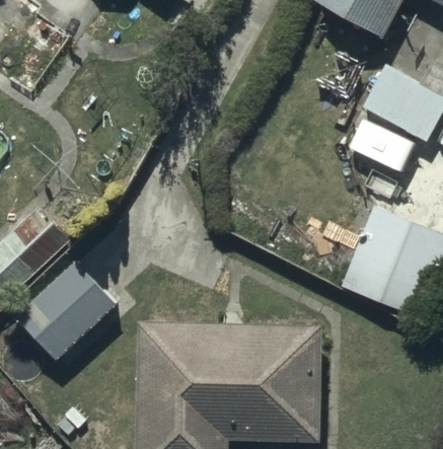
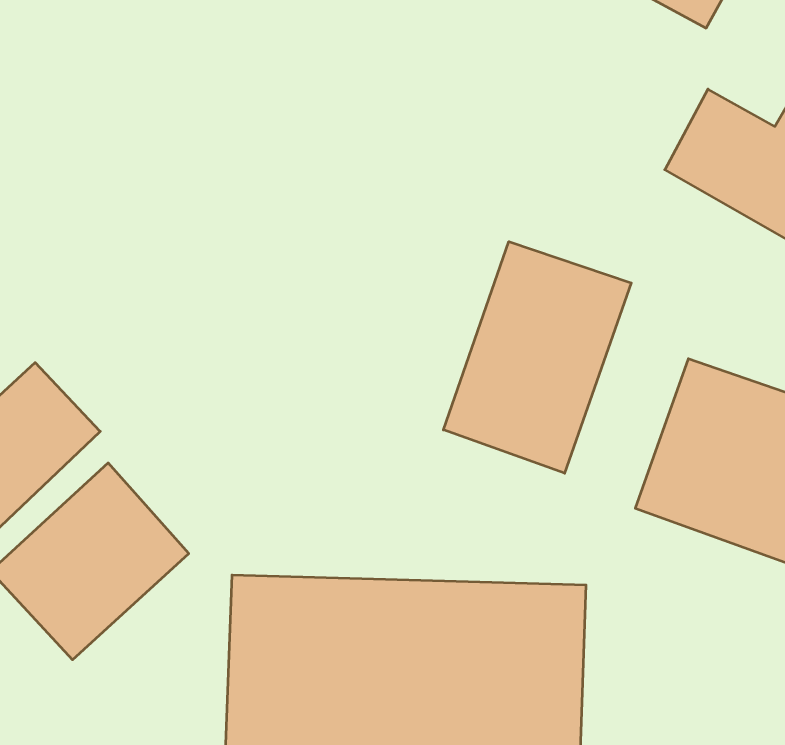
building: none -> [443,242,631,473]

